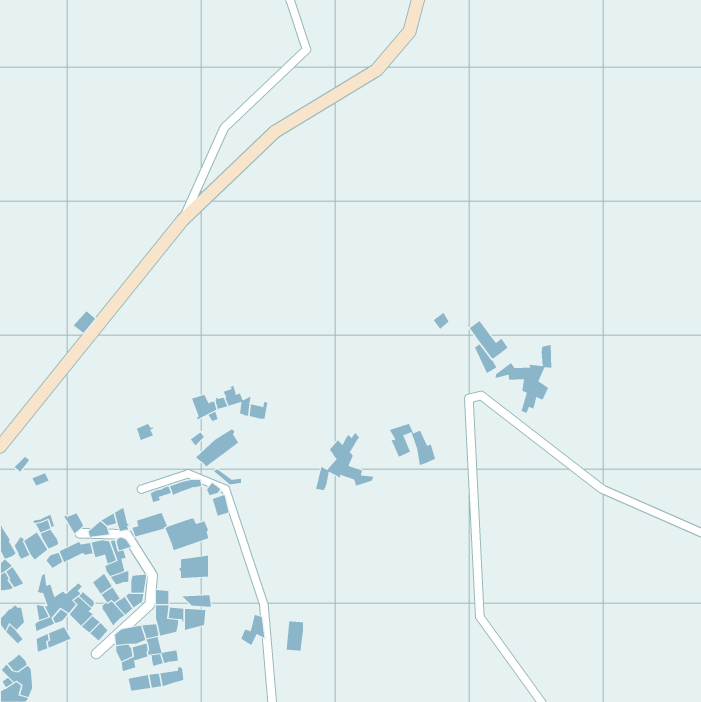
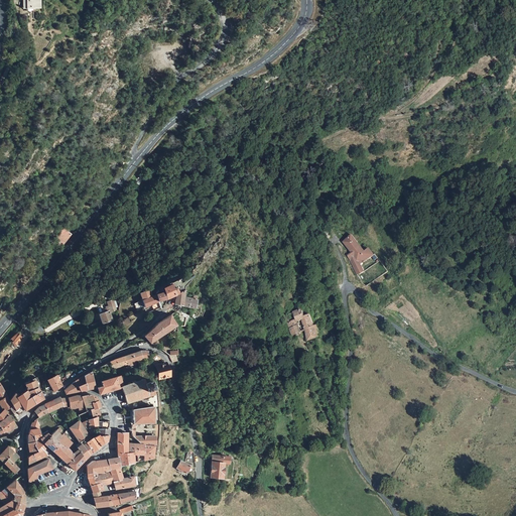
building: [495,344,552,414] -> none
building: [316,432,374,491] -> none

